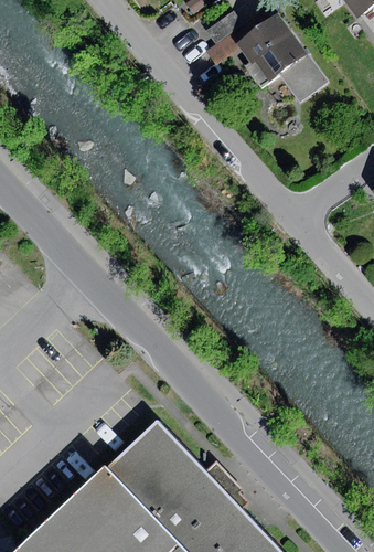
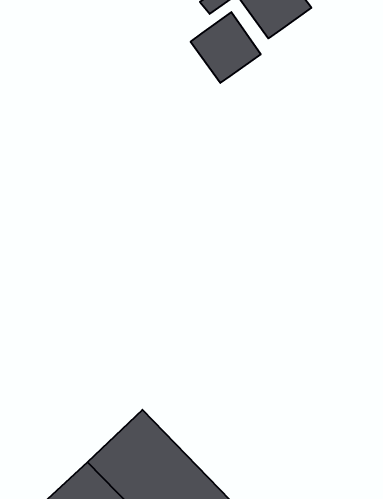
building: [279,57,325,104] -> none
building: none -> [191,12,261,83]

